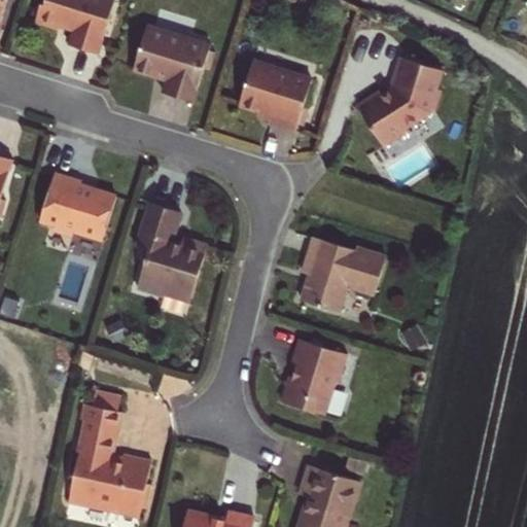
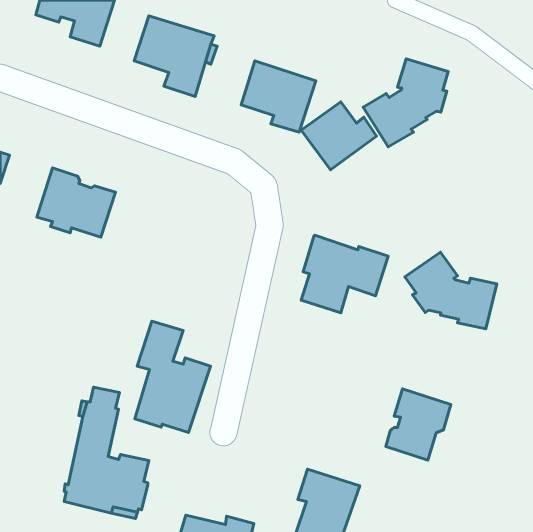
building: none -> [301,102,377,170]
building: [134,202,208,311] -> [135,321,210,432]
building: none -> [405,252,497,329]
building: [280,344,344,414] -> [386,389,451,460]

